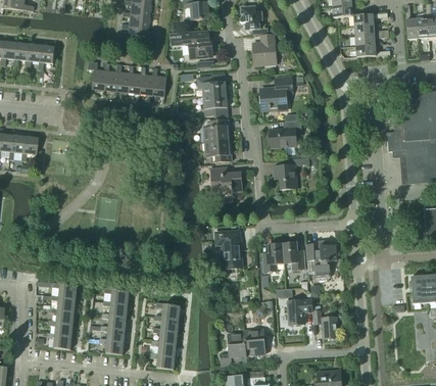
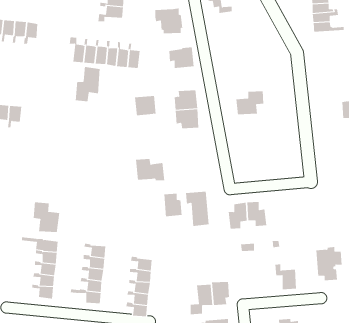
building: [253,34,276,65] -> none
building: [260,77,292,110] -> none
building: none -> [75,66,100,102]
building: [203,94,228,116] -> [134,95,157,116]
building: [274,157,309,189] -> none
building: [210,167,243,192] -> [135,159,165,181]
building: none -> [164,193,182,217]
building: [306,240,336,278] -> [316,246,343,281]
building: none -> [33,202,60,233]
building: [287,300,312,324] -> none

